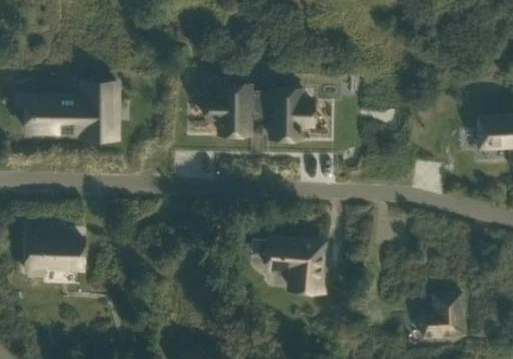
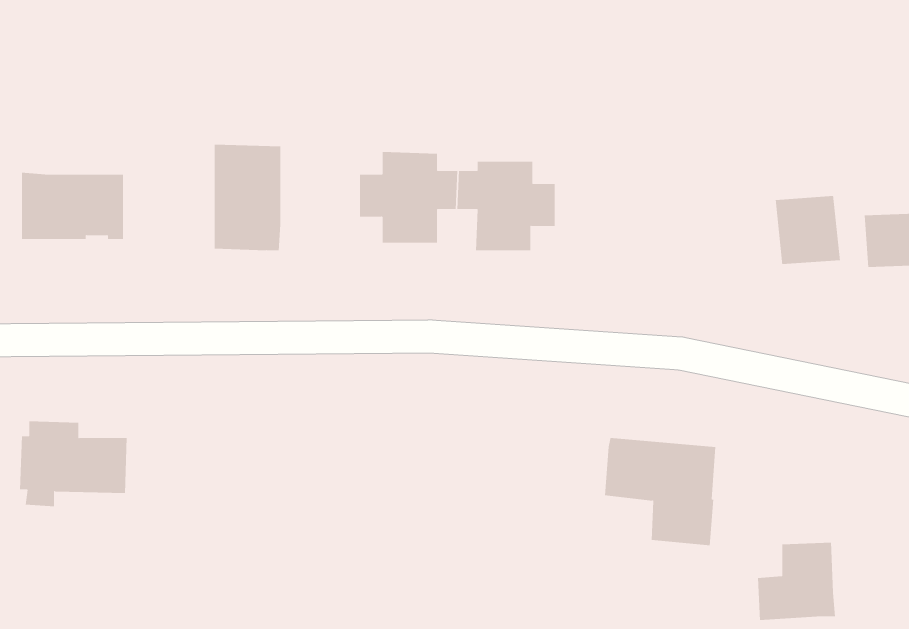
building: [82,83,118,140] -> [214,144,281,251]
building: none -> [775,195,840,265]
building: [267,237,327,295] -> [604,437,716,546]

